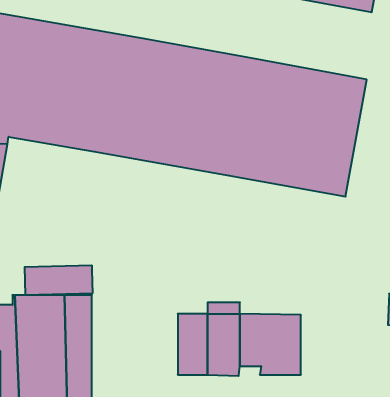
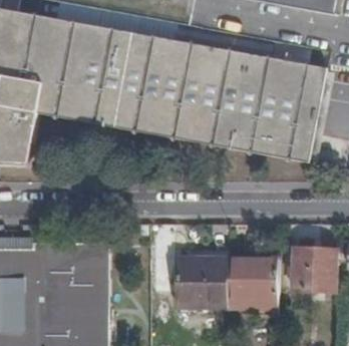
building: [25,265,92,295] -> none
building: none -> [291,247,333,291]

